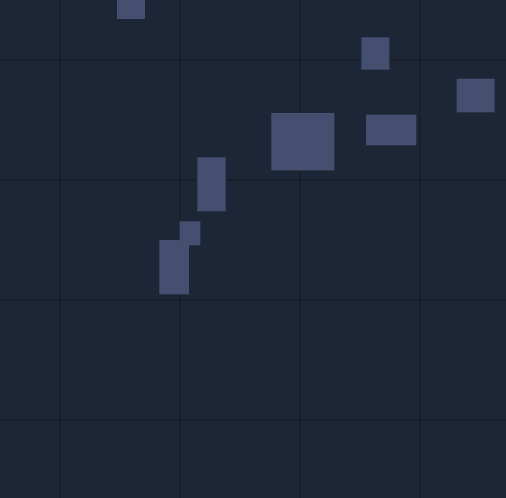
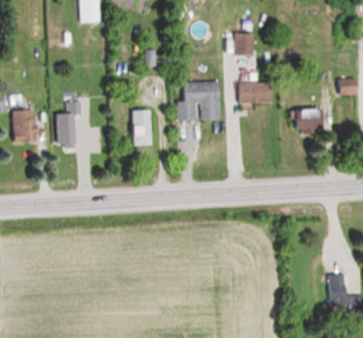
building: [456,78,495,113] -> [291,110,316,132]
building: none -> [13,109,34,141]
building: [158,221,201,295] -> [57,101,84,148]

